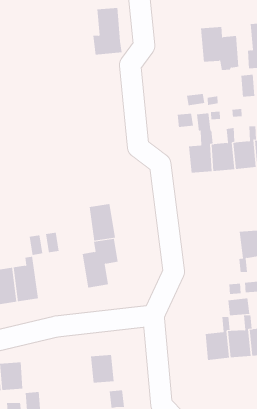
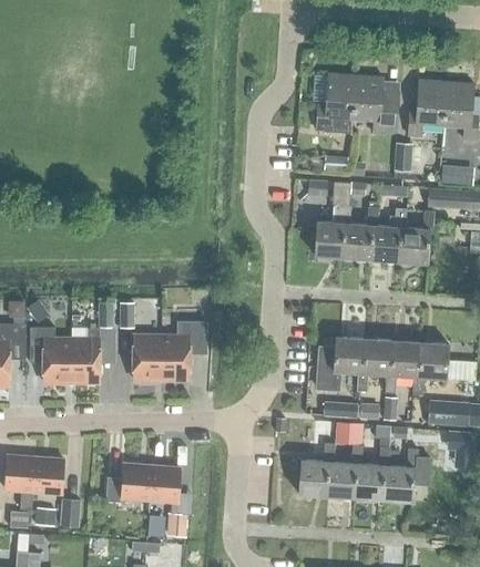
building: [93,8,123,55] -> [317,73,356,133]
building: [89,203,116,241] -> [133,336,162,380]
building: none -> [317,338,364,390]
building: none -> [105,464,152,503]

